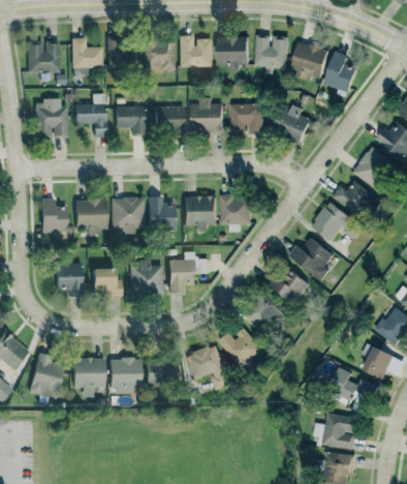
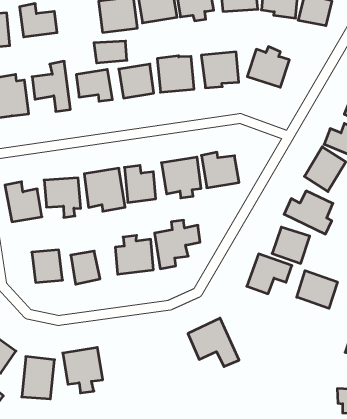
building: [108,47,137,66] -> [94,41,127,63]
building: none -> [297,271,337,308]
building: [219,329,260,366] -> none
building: [109,358,138,393] -> none
building: [146,360,176,384] -> none

